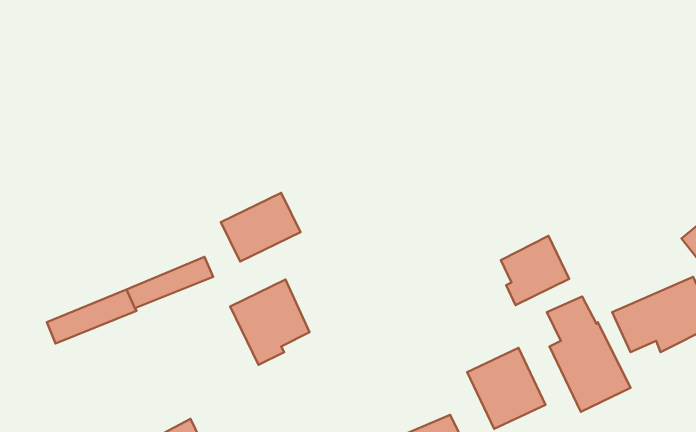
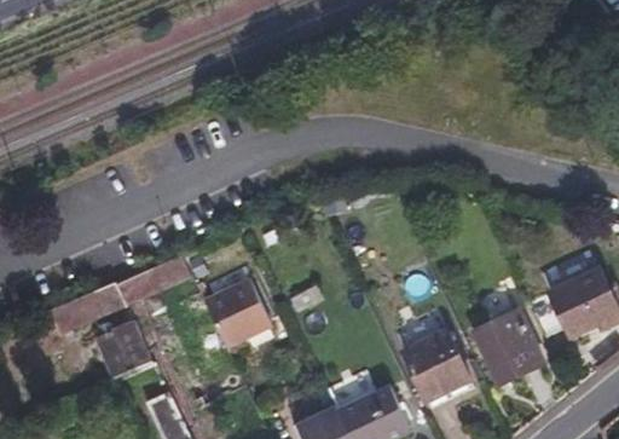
building: [221,193,300,261] -> none
building: [501,236,569,305] -> none
building: none -> [96,323,150,381]

